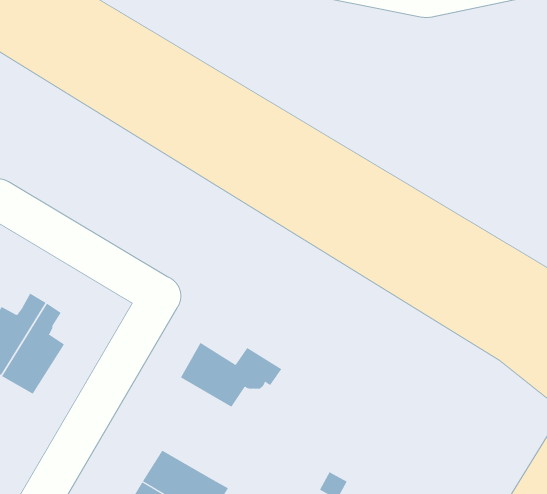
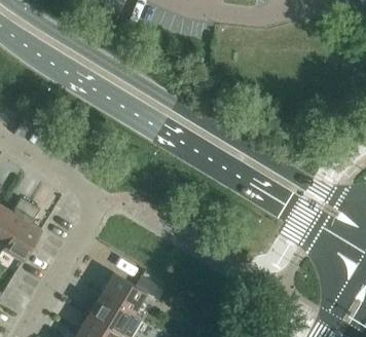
building: [180,342,282,407] -> [100,275,162,315]

